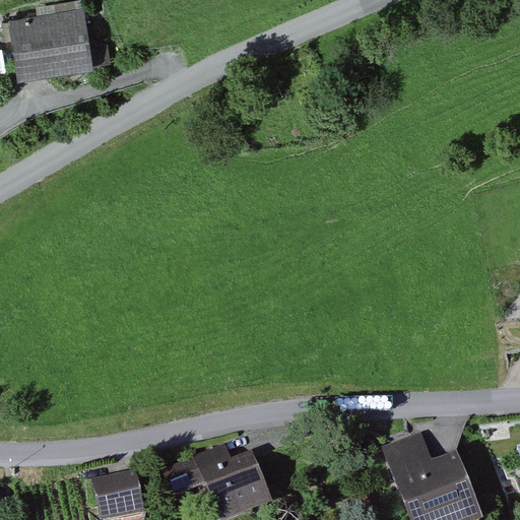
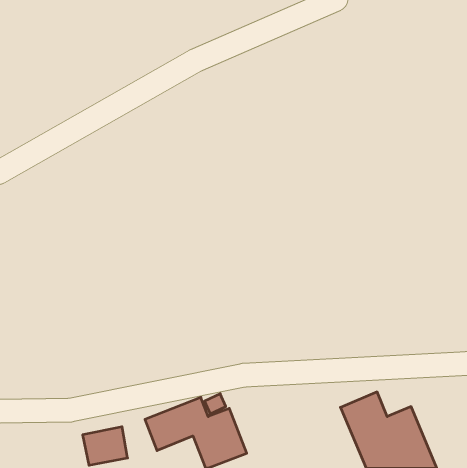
building: [10,9,98,83] -> none

